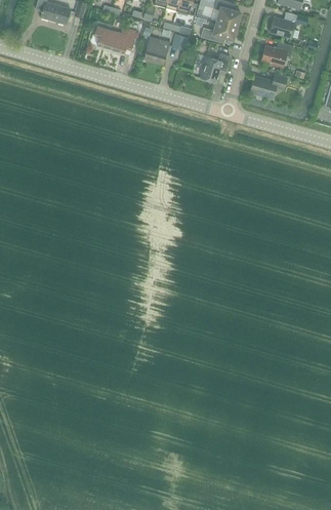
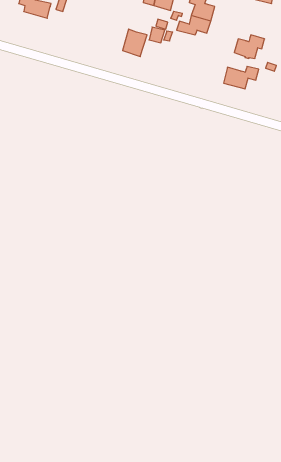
building: [270,10,297,37] -> none
building: [94,25,137,52] -> none
building: [201,52,231,81] -> none

